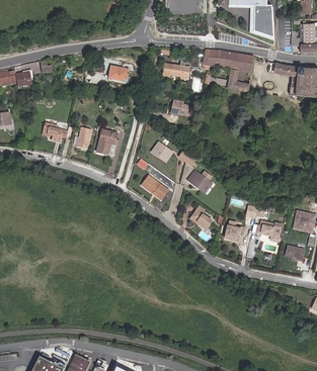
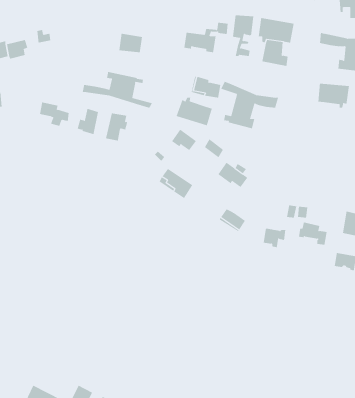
building: none -> [82,71,153,109]
building: none -> [220,81,279,129]
building: none -> [318,83,349,109]
building: none -> [176,97,213,126]

